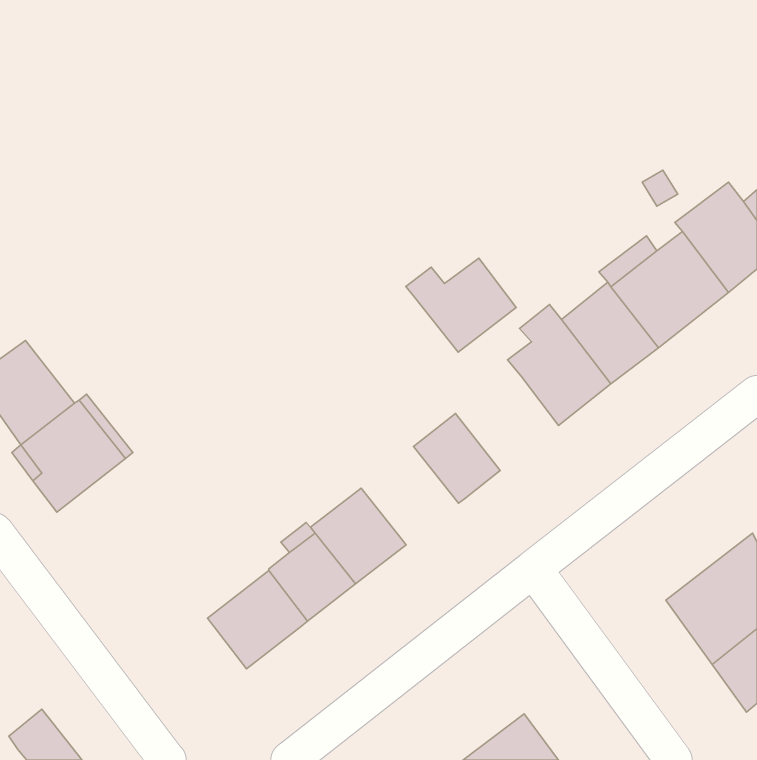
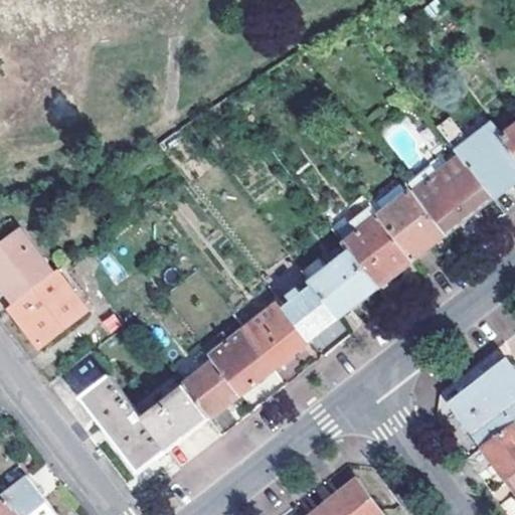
building: [406,258,516,352] -> [302,253,376,317]
building: none -> [243,301,309,367]
building: none -> [79,375,166,472]

